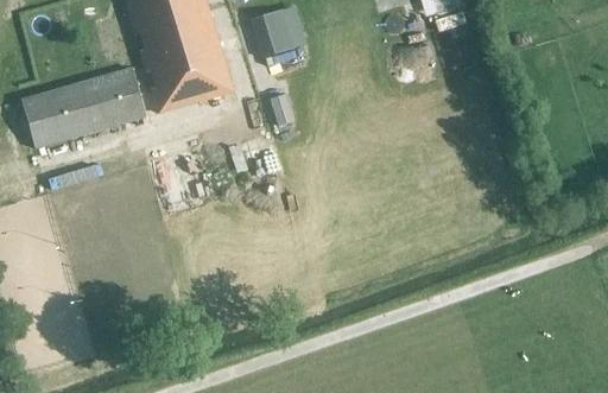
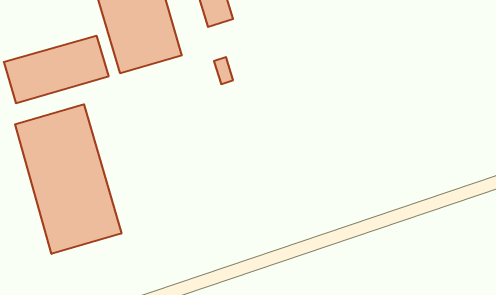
building: none -> [15,104,121,254]

